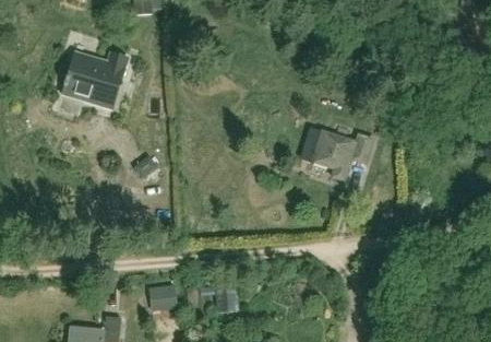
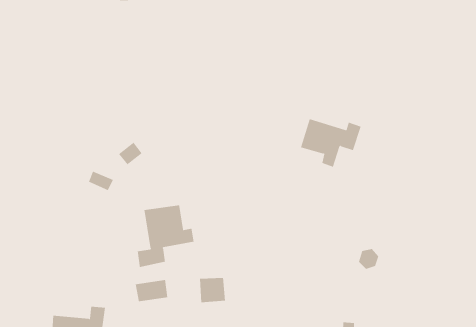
building: [64,52,124,105] -> none
building: none -> [137,205,194,268]

